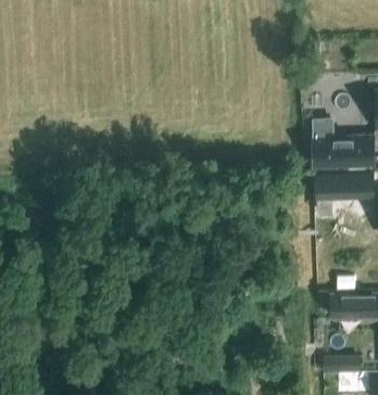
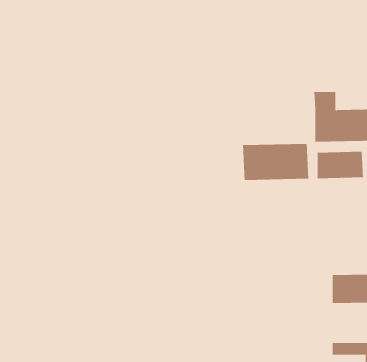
building: none -> [243,143,309,181]

